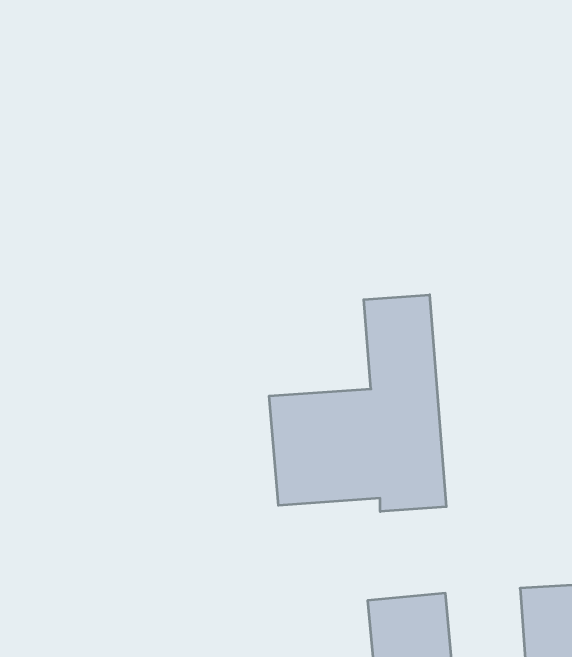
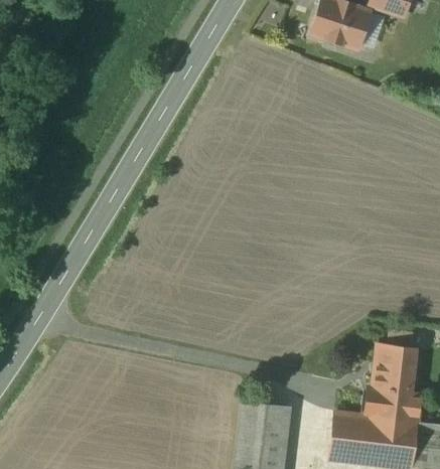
building: [269,295,446,512] -> none

